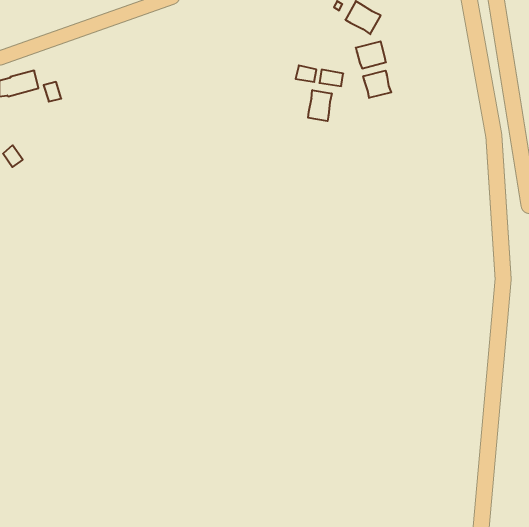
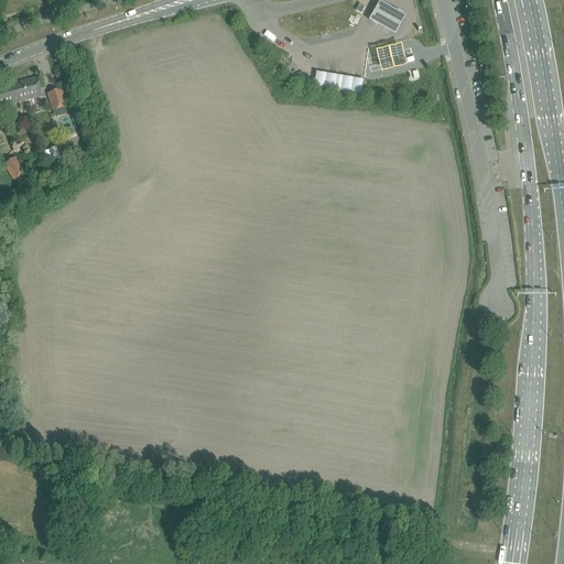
building: [363,71,391,98] -> none
building: [308,90,332,121] -> none

